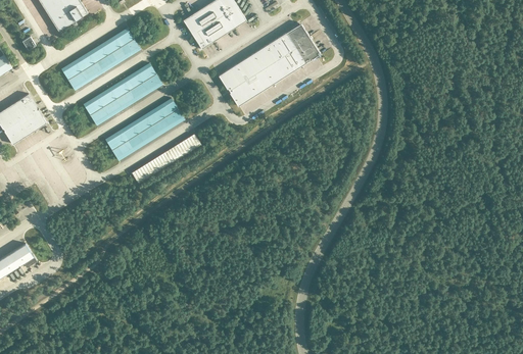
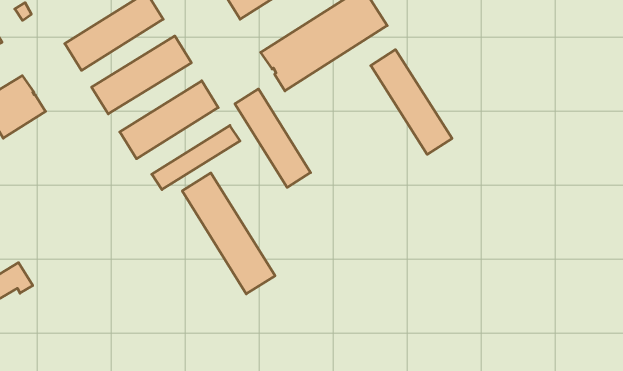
building: none -> [371,50,452,154]
building: none -> [235,89,311,187]
building: none -> [182,173,275,294]

